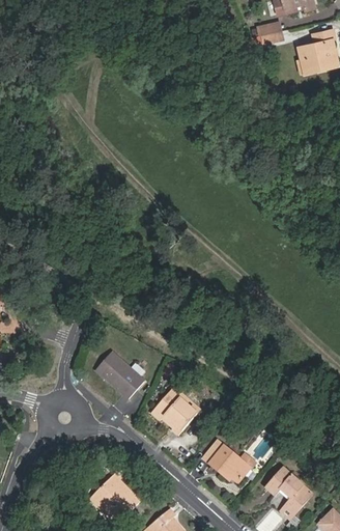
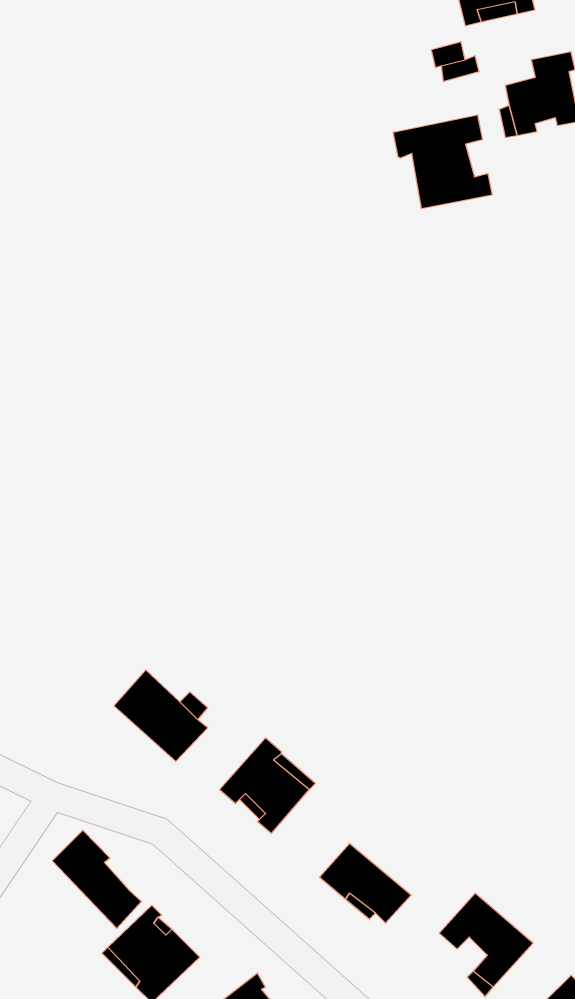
building: none -> [393,115,492,209]
building: none -> [52,830,142,928]

